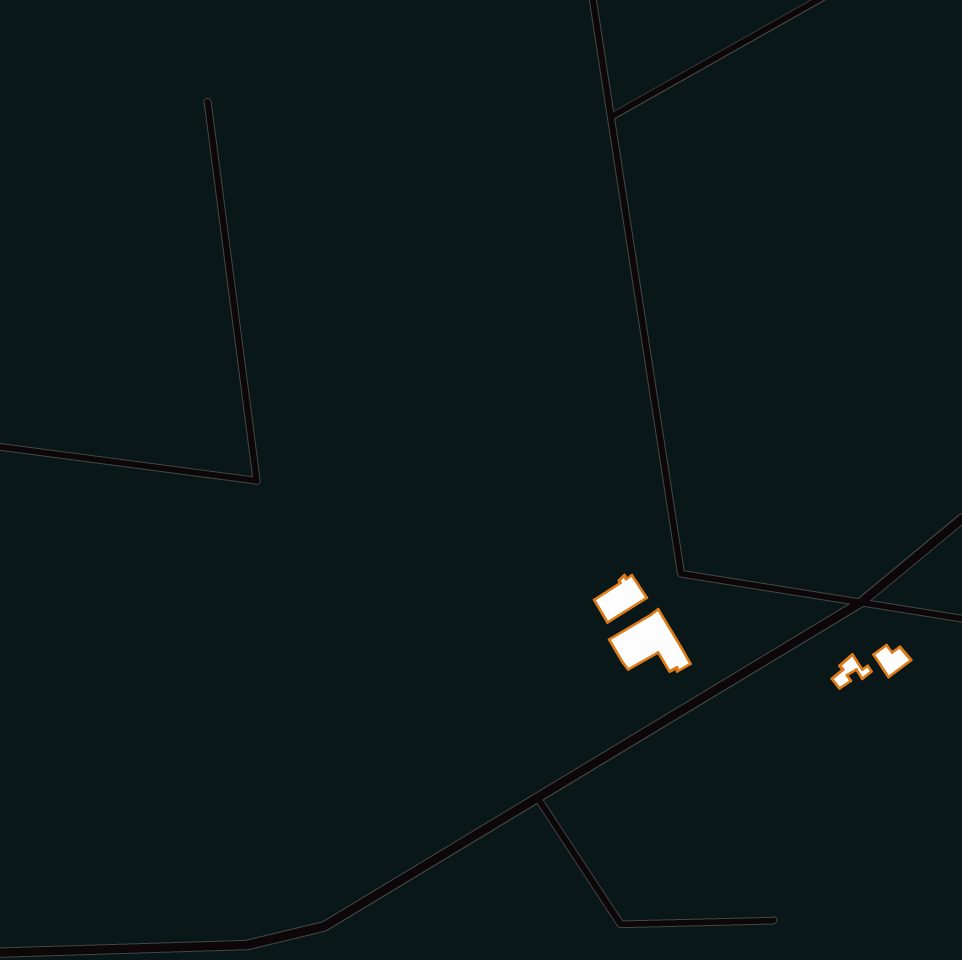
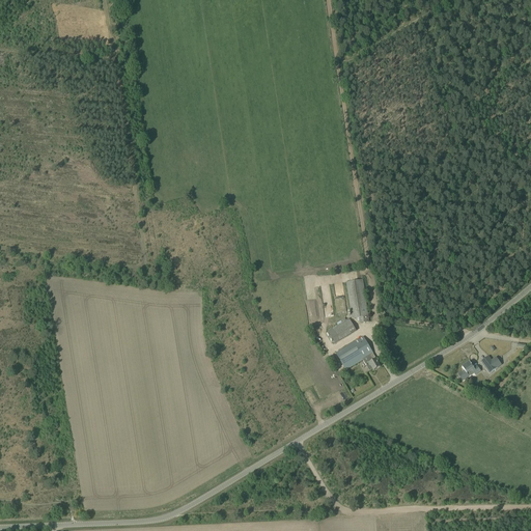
building: none -> [345,278,367,322]

